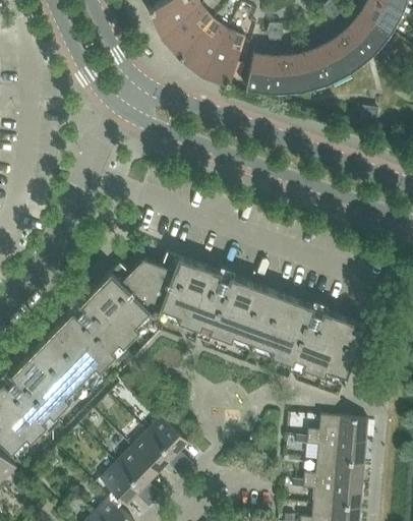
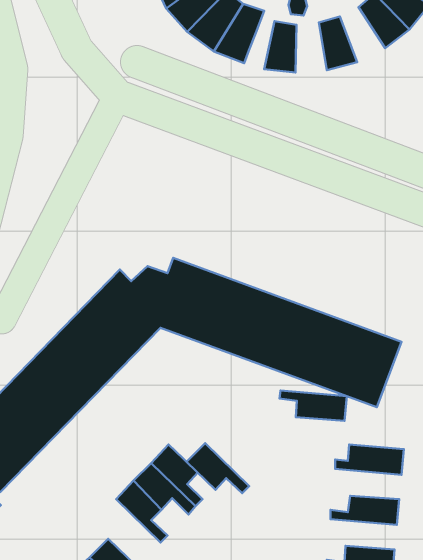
building: [311,36,351,83] -> none
building: [273,49,300,93] -> none
building: [306,439,365,465] -> [279,390,347,421]
building: [100,465,155,509] -> [186,443,249,493]
building: [302,482,361,509] -> none

